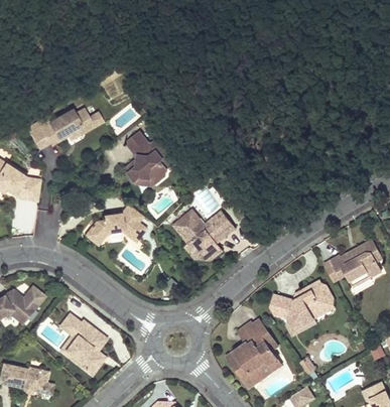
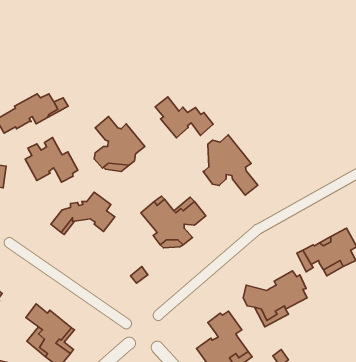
building: none -> [155,97,213,138]
building: none -> [203,135,258,195]
building: none -> [25,138,78,182]

